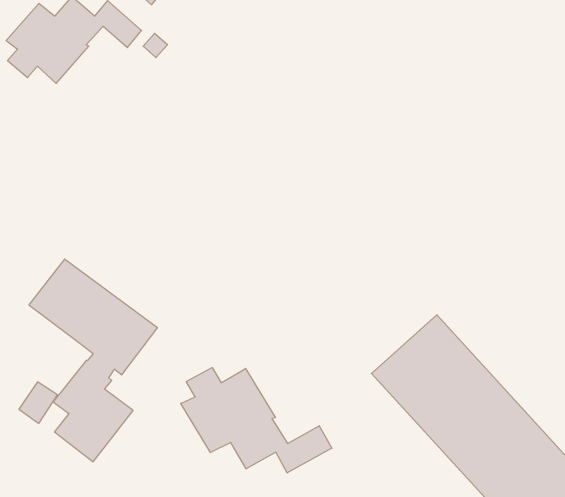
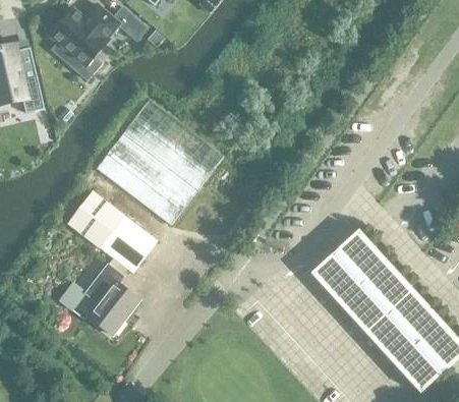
building: none -> [96,98,223,224]
building: [181,368,332,473] -> none

